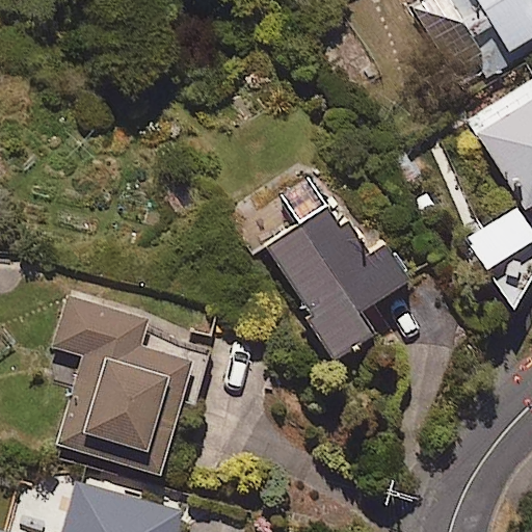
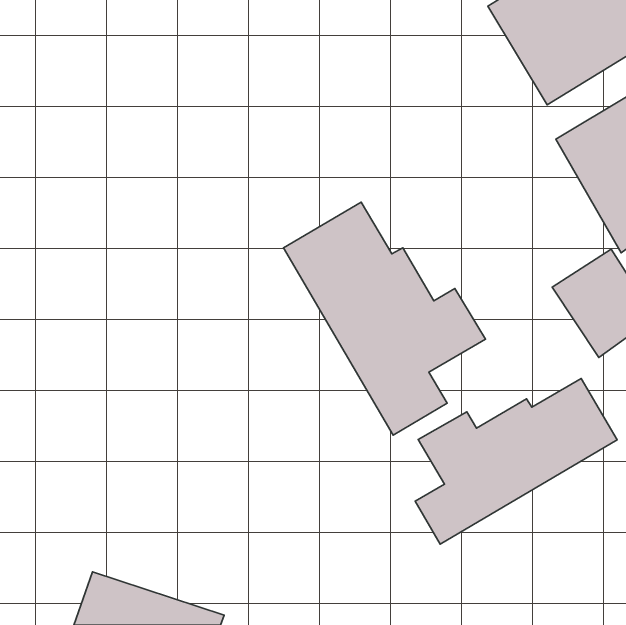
building: [49,297,211,464] -> none
building: none -> [415,379,617,544]

